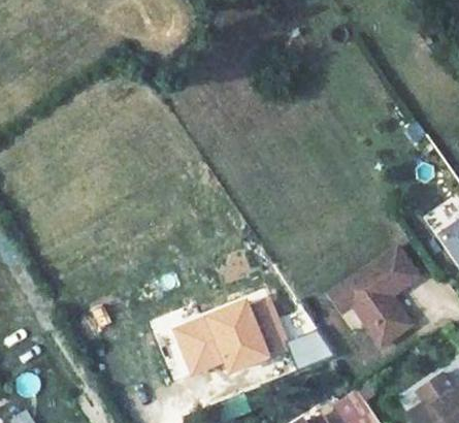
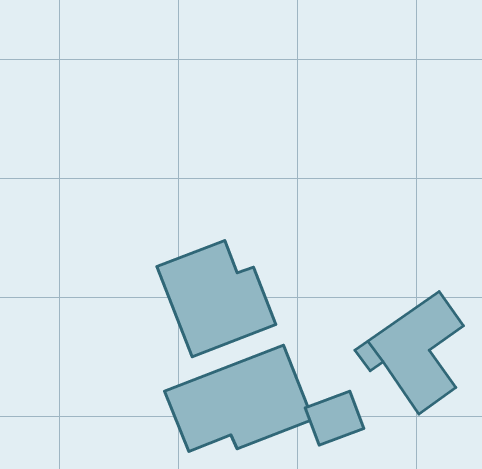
building: none -> [157,241,276,357]

